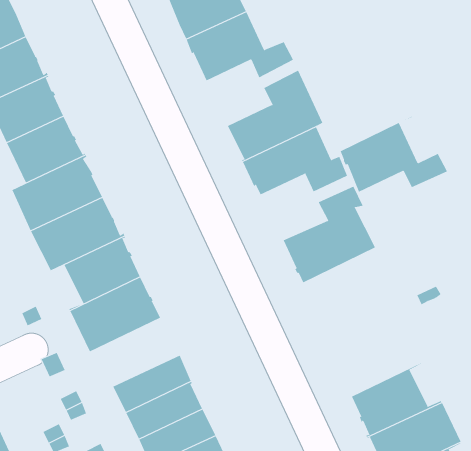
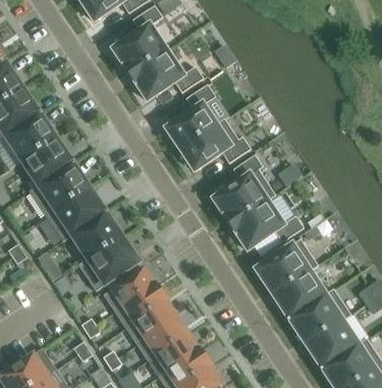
building: [340,116,448,192] -> [230,193,304,250]
building: none -> [256,239,317,294]
building: none -> [103,267,156,311]

